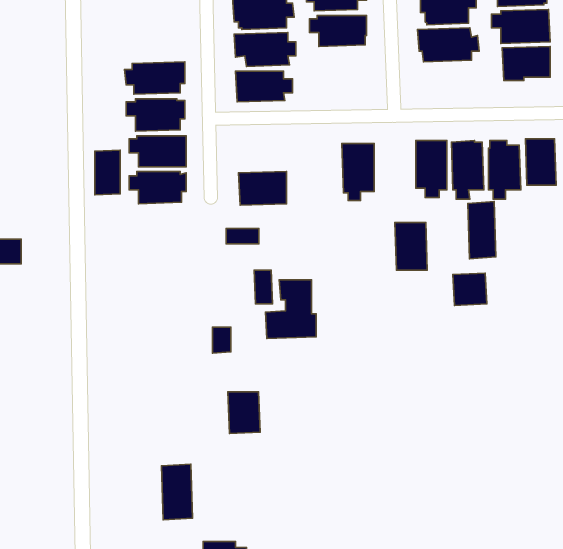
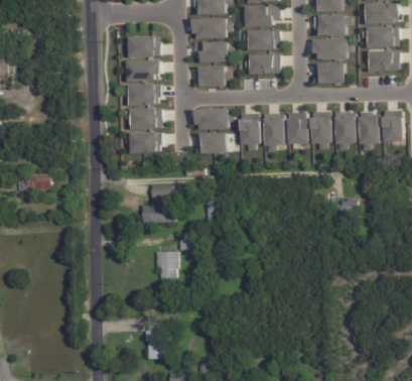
building: none -> [126,35,159,57]
building: none -> [242,53,279,74]
building: none -> [311,62,344,84]
building: none -> [193,108,233,129]
building: none -> [239,113,260,150]
building: [95,150,120,195] -> none
building: [468,201,496,259] -> none
building: [395,222,427,270] -> [286,112,307,143]
building: [265,280,316,338] -> [144,186,177,225]
building: [228,392,260,434] -> [155,251,176,278]

